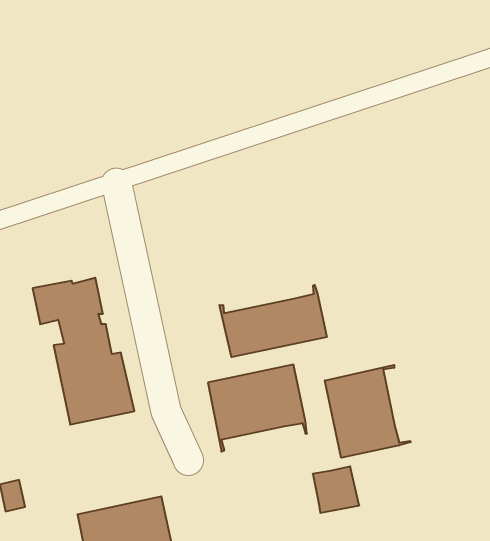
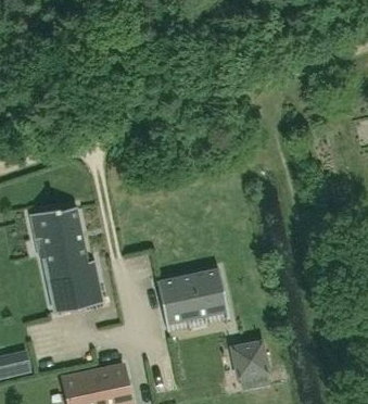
building: [219,285,327,357] -> none
building: [325,365,411,458] -> none

